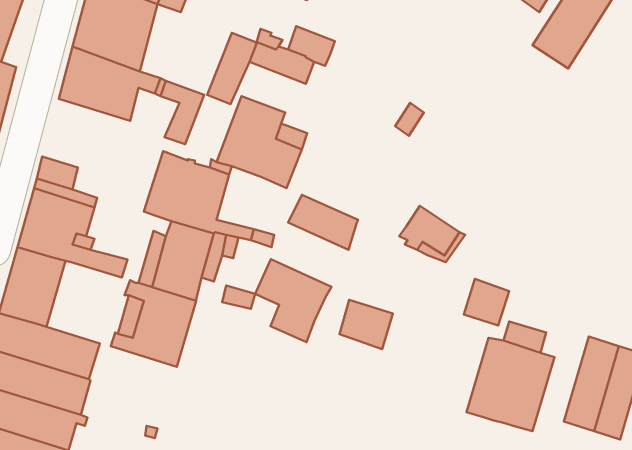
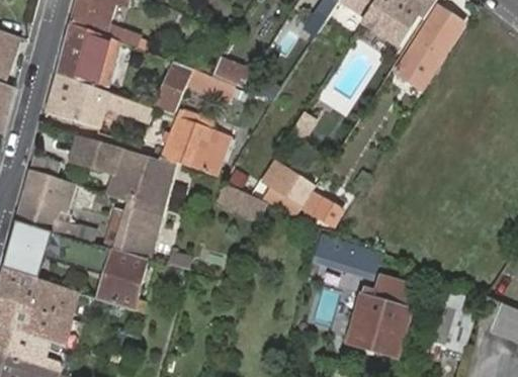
building: none -> [68,130,124,172]
building: none -> [263,162,315,205]
building: [255,259,332,342] -> none
building: [339,300,393,349] -> [314,233,353,270]

